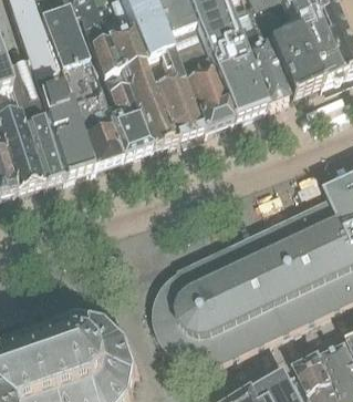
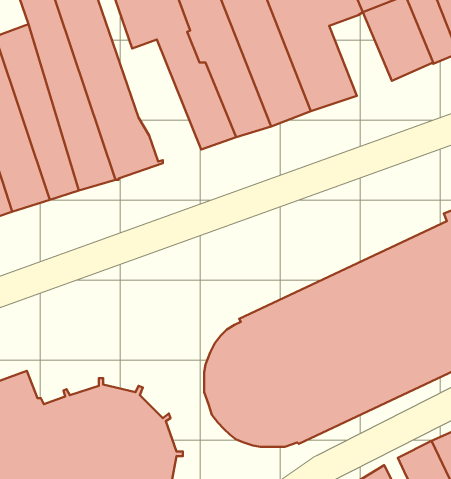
building: [246,48,287,106] -> none
building: [103,65,153,155] -> none

